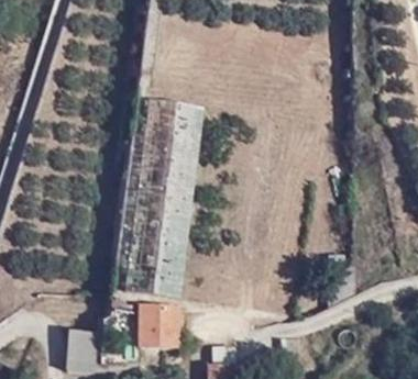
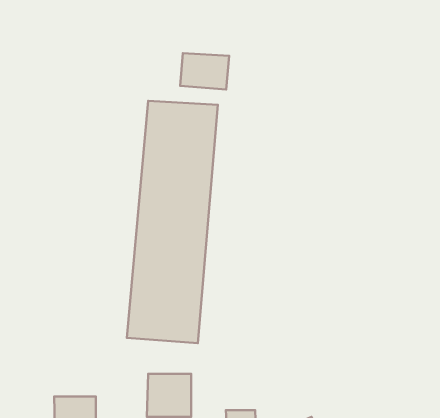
building: none -> [180,53,229,90]

